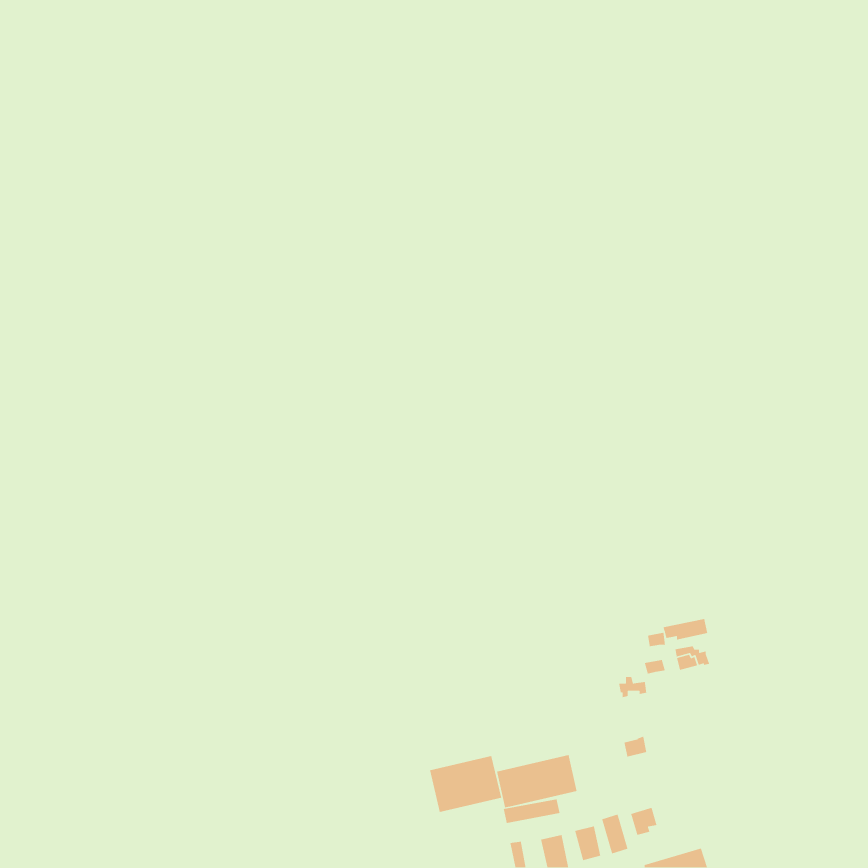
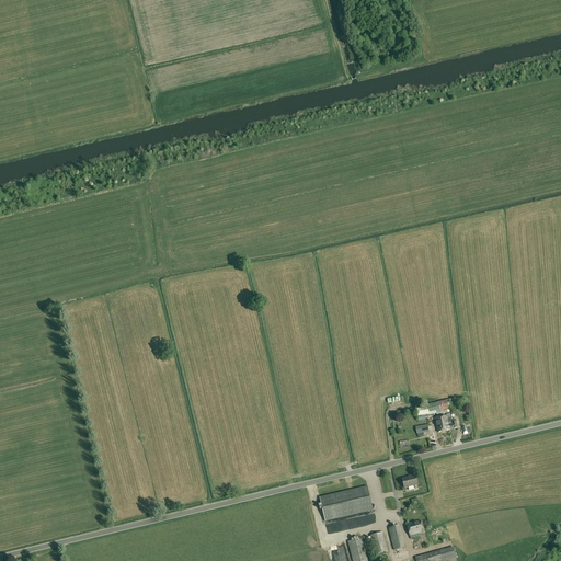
building: [429,755,502,813] -> none

